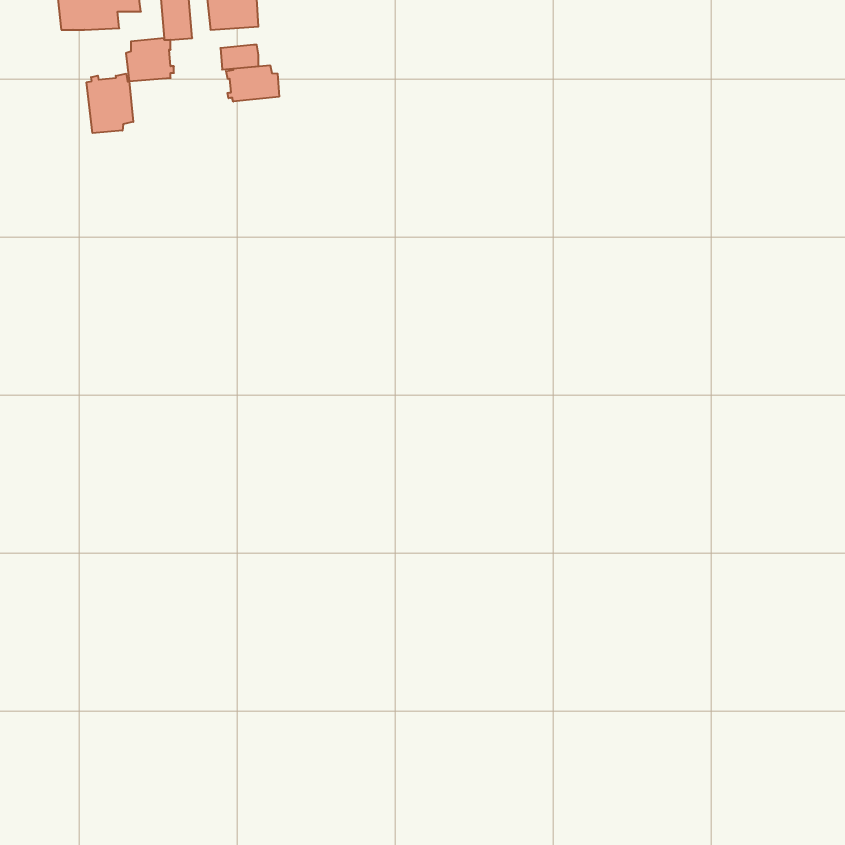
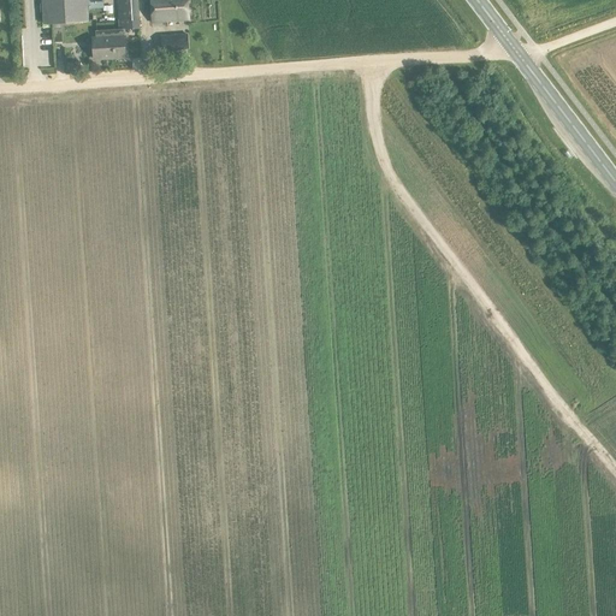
building: [226,65,279,102] -> none
building: [87,74,133,133] -> none

